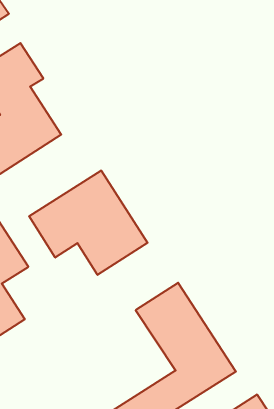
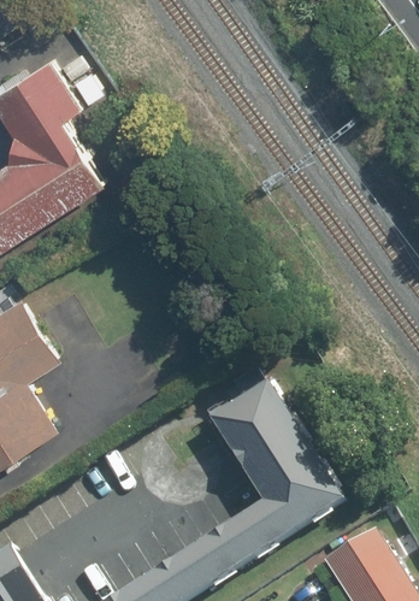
building: [29,170,148,275] -> none

